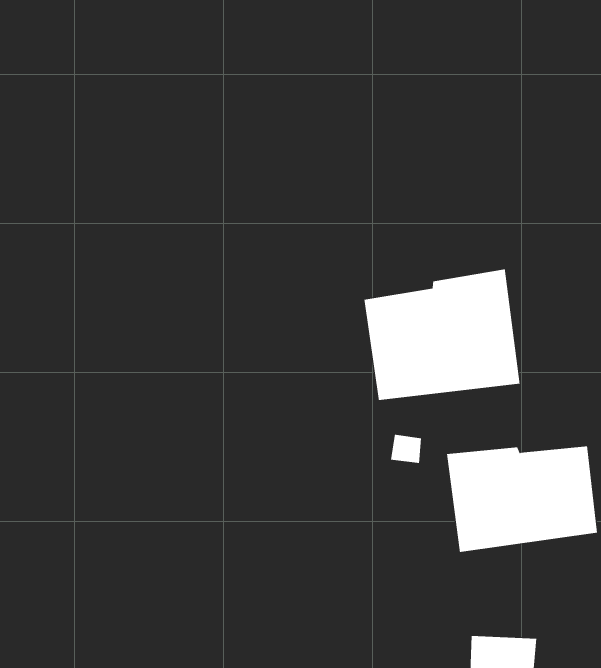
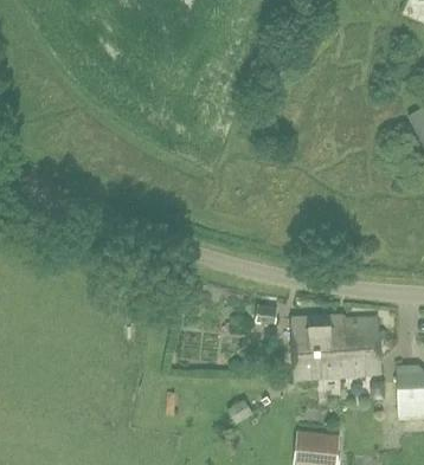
building: [364,269,520,401] -> none

